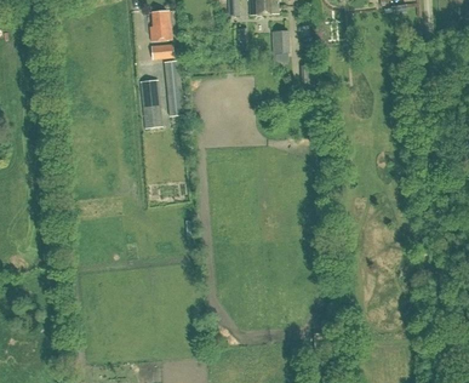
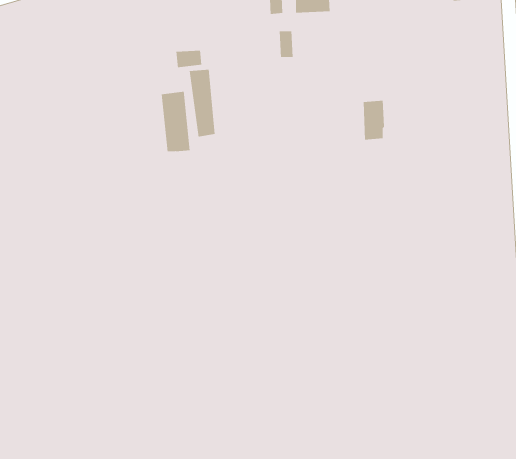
building: [150,11,172,41] -> none
building: [271,30,290,63] -> [363,100,385,140]

